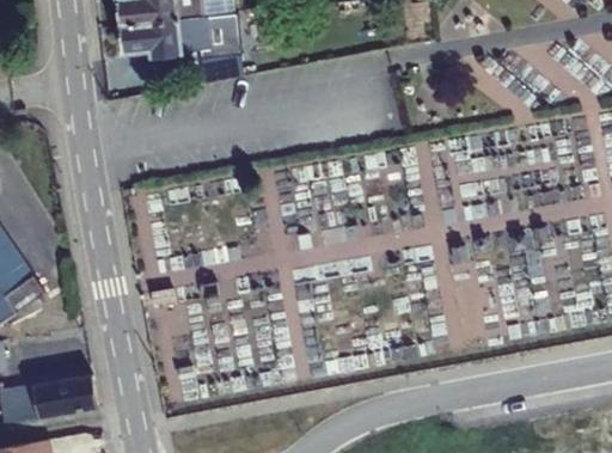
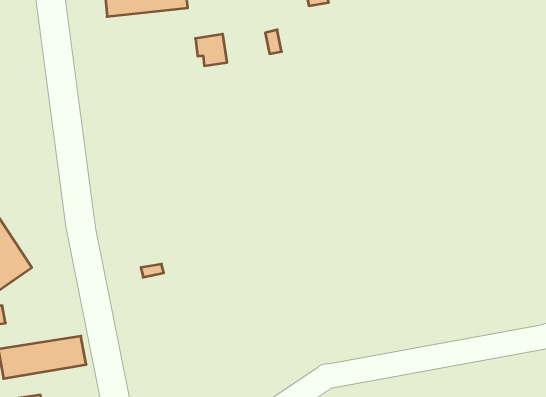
building: [118,12,239,53] -> none

